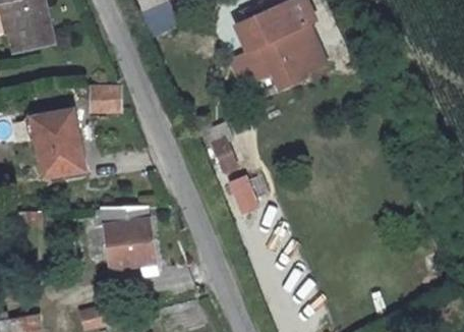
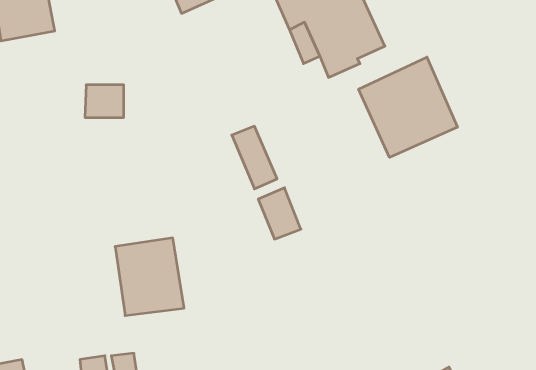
building: none -> [359,57,457,157]
building: [32,110,83,175] -> none

